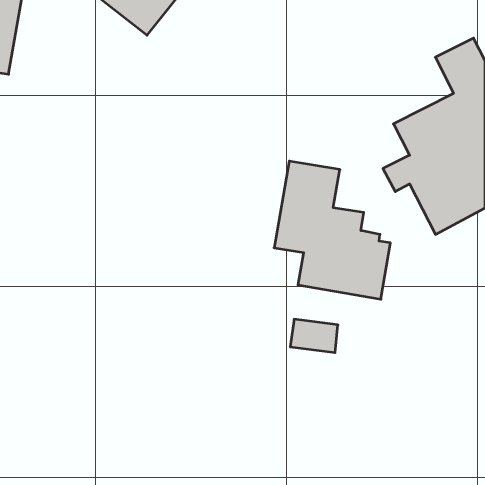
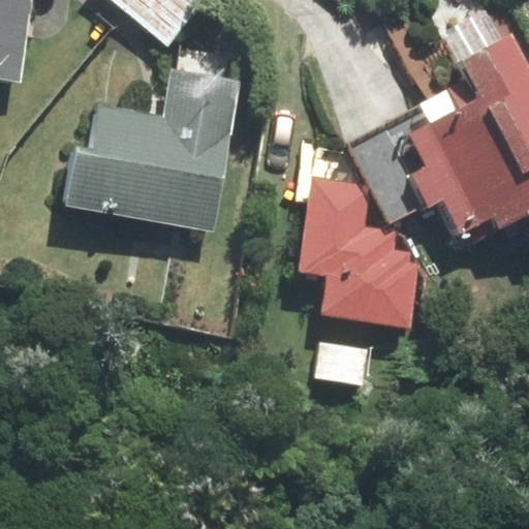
building: none -> [65,76,239,224]

